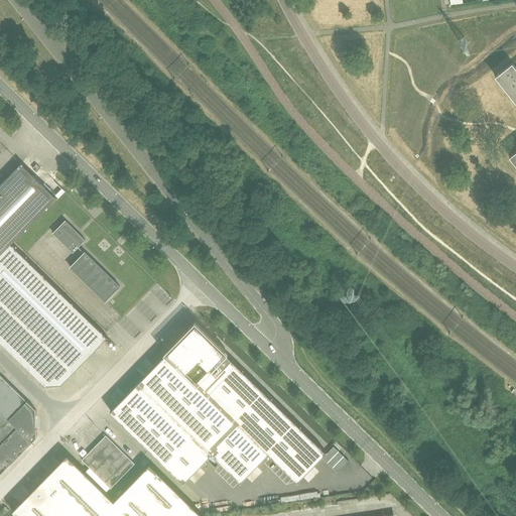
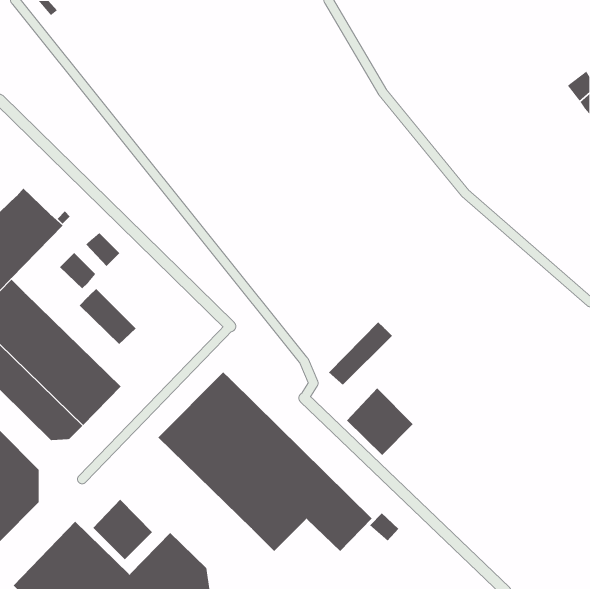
building: none -> [86,232,120,267]
building: none -> [328,321,393,386]
building: none -> [346,387,413,456]
building: [109,383,219,484] -> none

